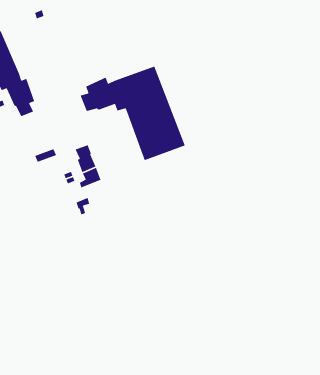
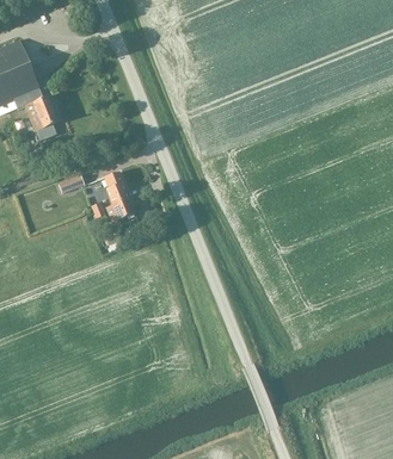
building: [79,66,186,161] -> none

